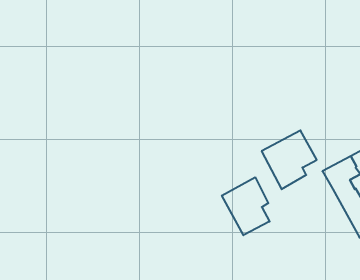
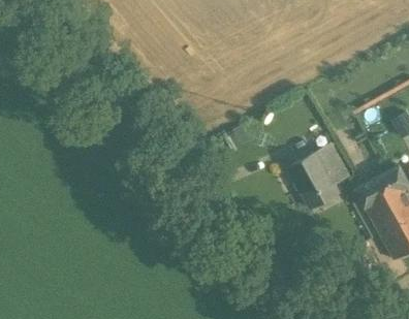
building: [222,177,270,235] -> none

